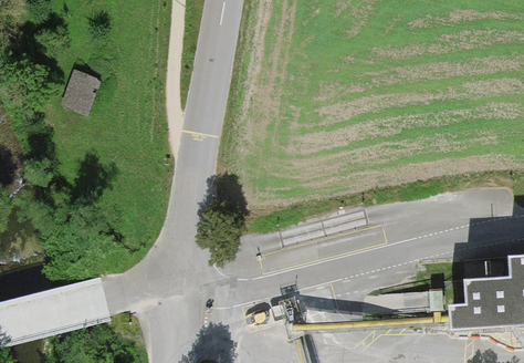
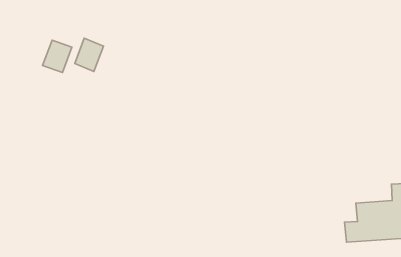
building: none -> [75,38,103,71]

